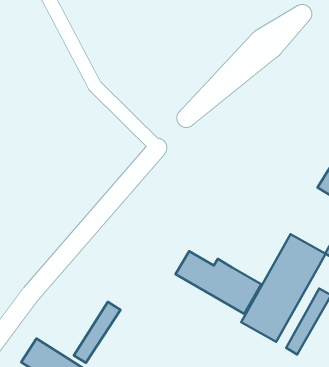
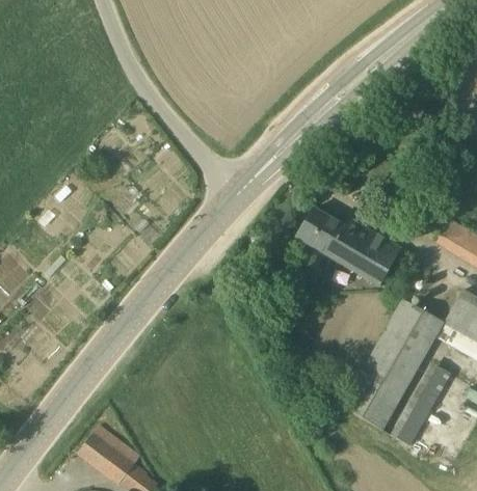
building: [176,251,261,314] -> [297,209,402,285]
building: [74,302,120,363] -> none

